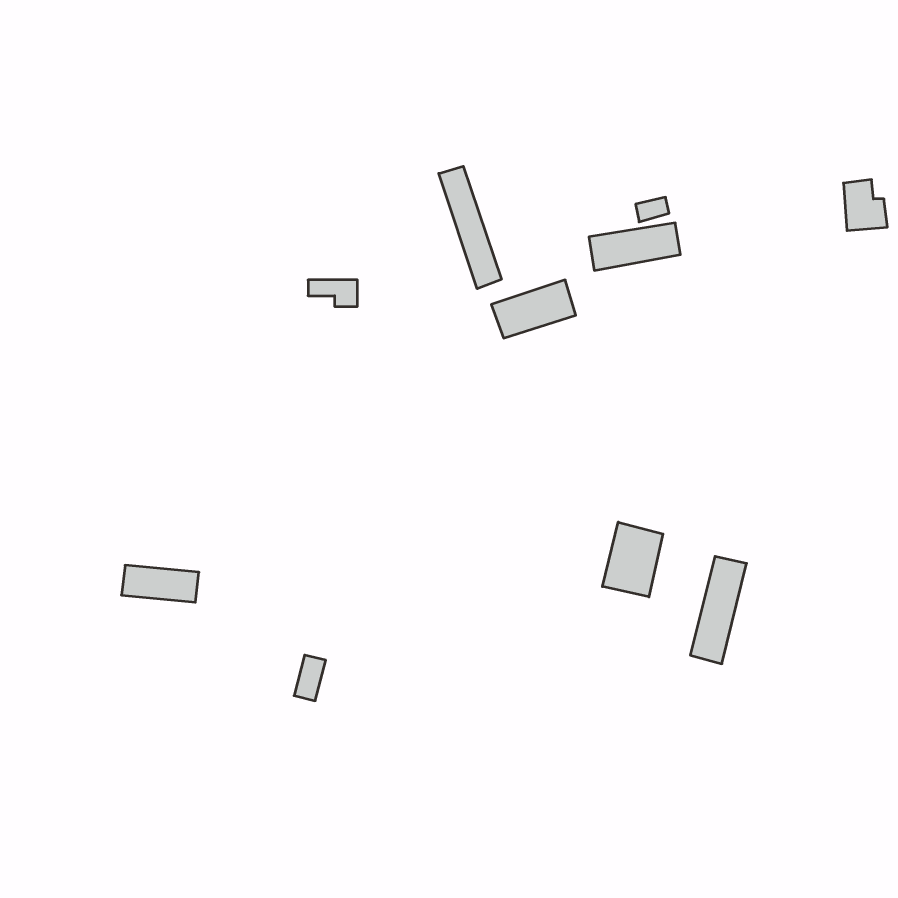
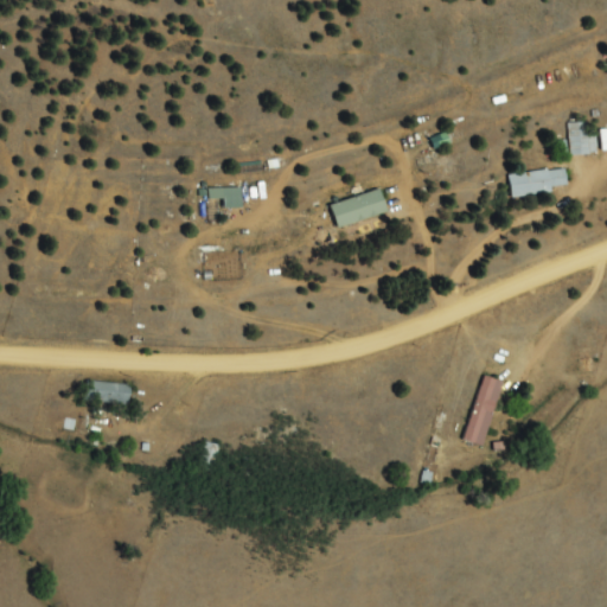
building: [439,166,501,289] -> none
building: [589,223,680,270] -> [507,166,569,198]
building: [602,522,663,597] -> none

